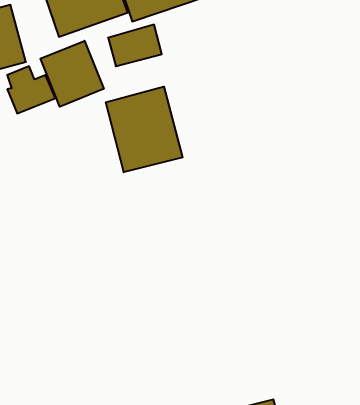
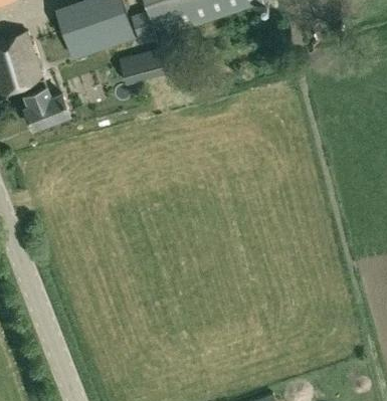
building: [40,41,104,107] -> none
building: [106,87,183,172] -> none

